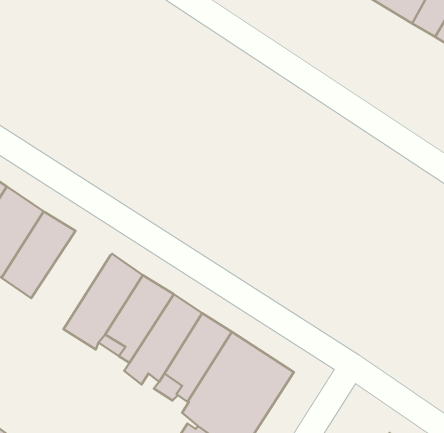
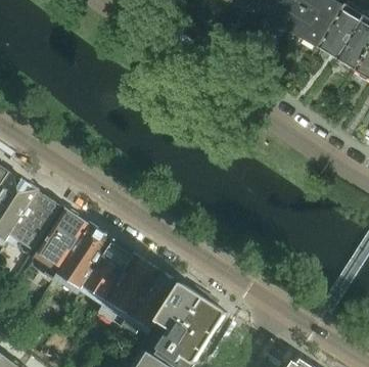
building: none -> [36,209,88,280]

